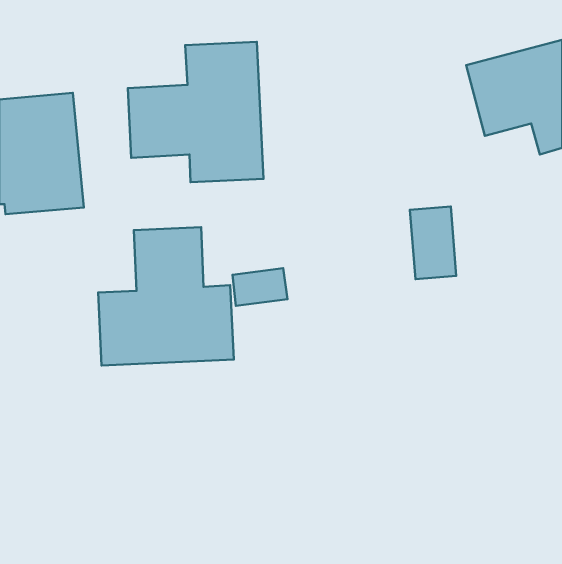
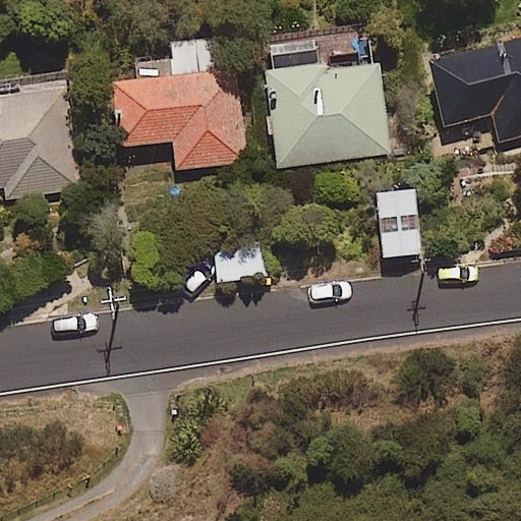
building: none -> [263,34,389,167]
building: [98,227,234,366] -> none

